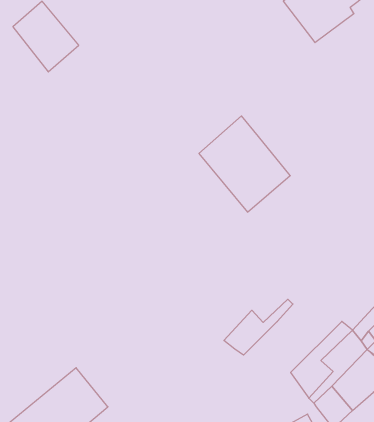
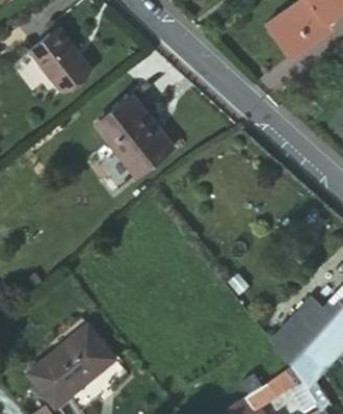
building: [199,116,290,212] -> [98,93,176,175]
building: [224,299,293,355] -> none

